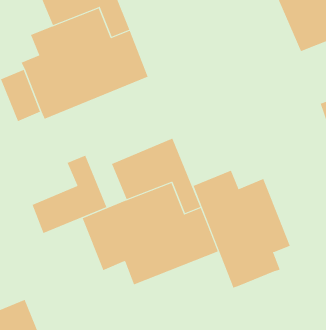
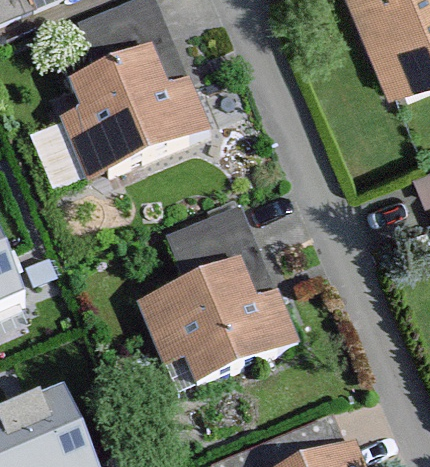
building: [32,155,107,234] -> none
building: [193,170,291,289] -> none

